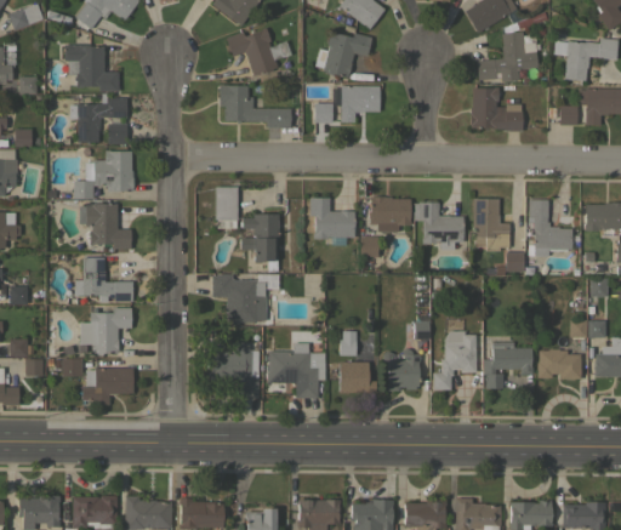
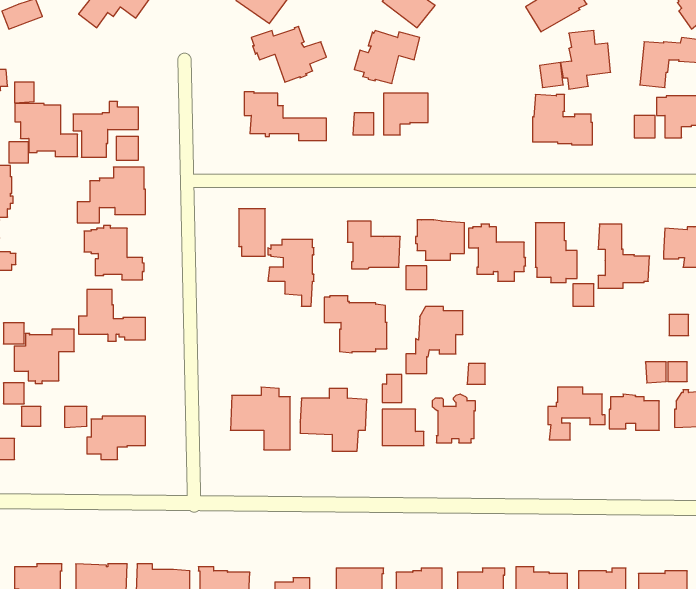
building: [64,45,119,91] -> [15,104,78,157]
building: [212,274,267,324] -> [324,296,387,353]
building: [80,308,132,355] -> [14,329,74,384]
building: [433,331,483,389] -> [406,307,463,373]

